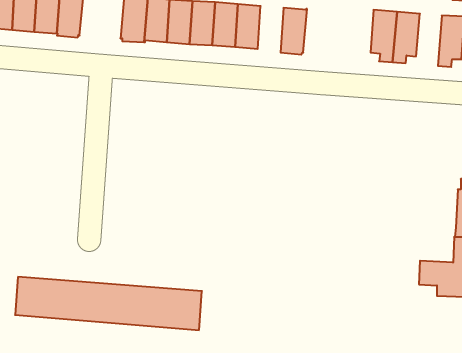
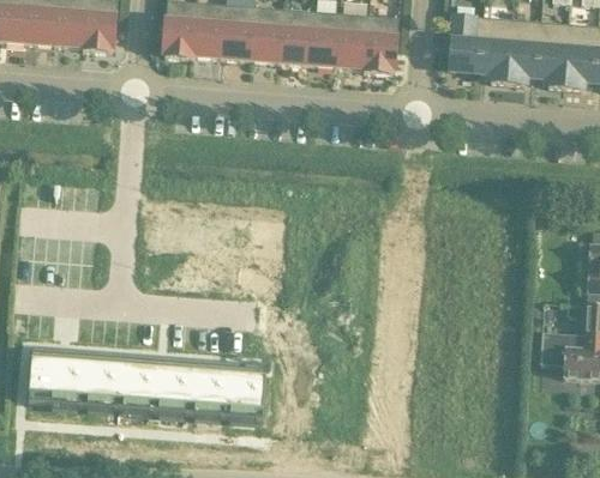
building: none -> [336,13,368,72]
building: none -> [449,16,482,72]
building: none -> [536,23,569,89]

